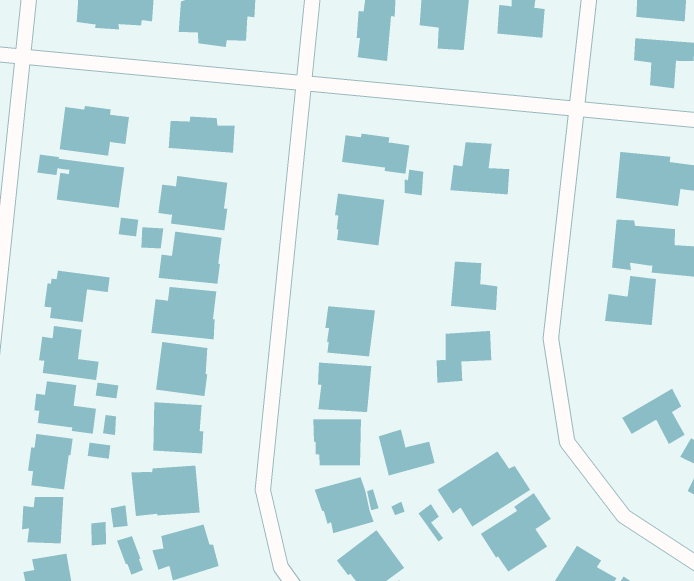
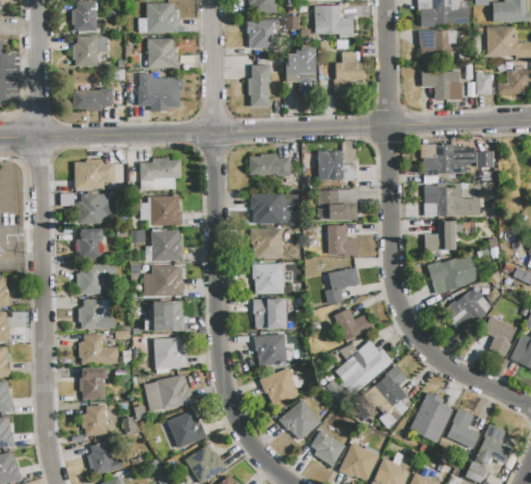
building: none -> [318,190,358,219]
building: none -> [75,228,102,260]
building: none -> [250,228,281,259]
building: none -> [427,255,476,293]
building: [378,429,436,476] -> [334,309,372,339]

